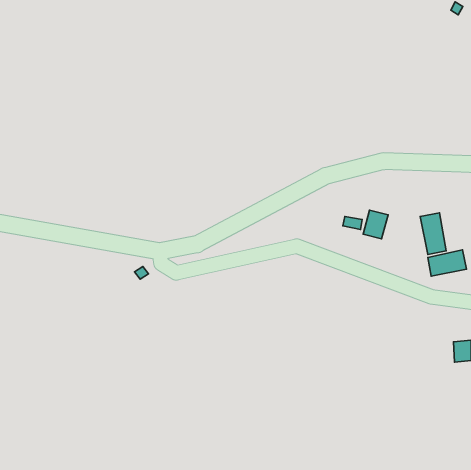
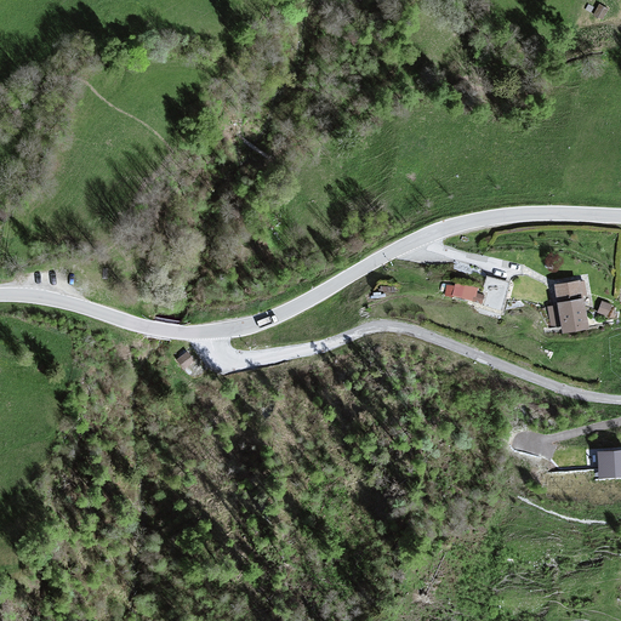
building: [428,250,466,276] -> none

